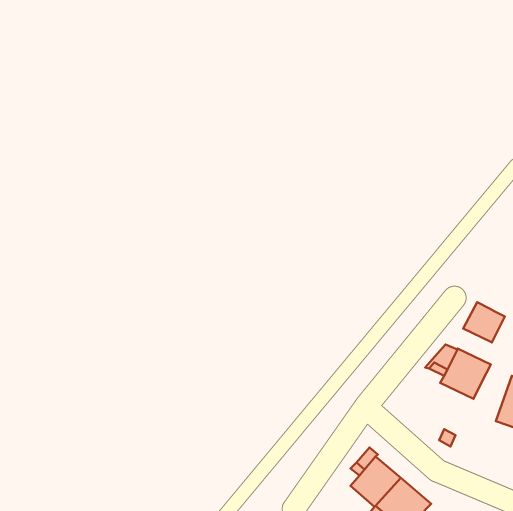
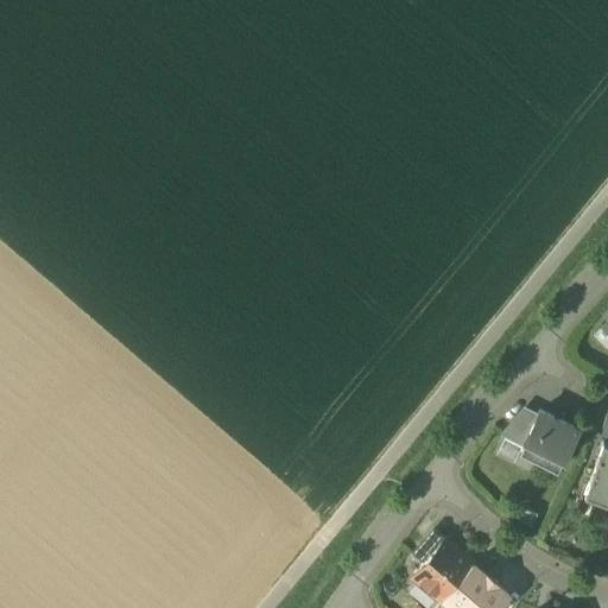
building: [463,302,505,342] -> none

